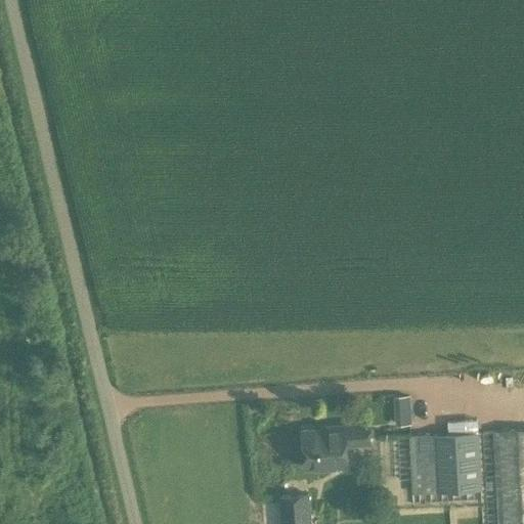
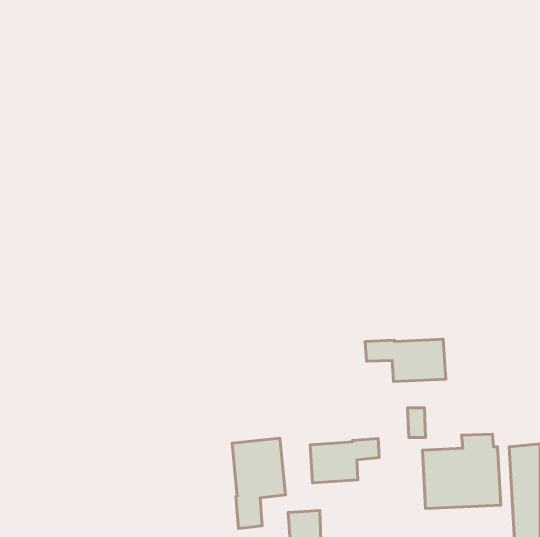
building: none -> [365,339,446,382]
building: none -> [232,438,285,528]

